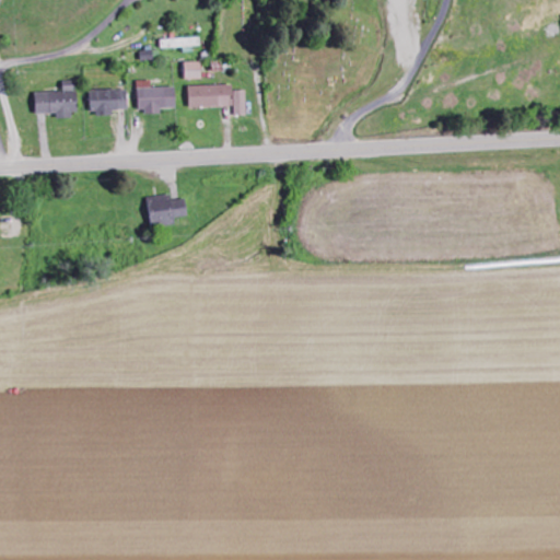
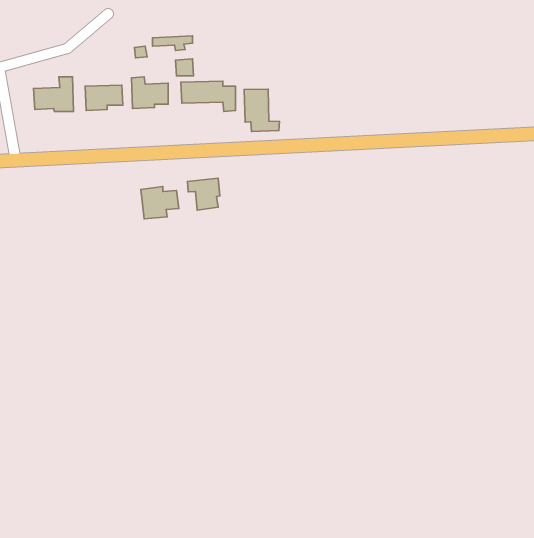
building: none -> [244,89,280,132]
building: none -> [188,178,220,210]

